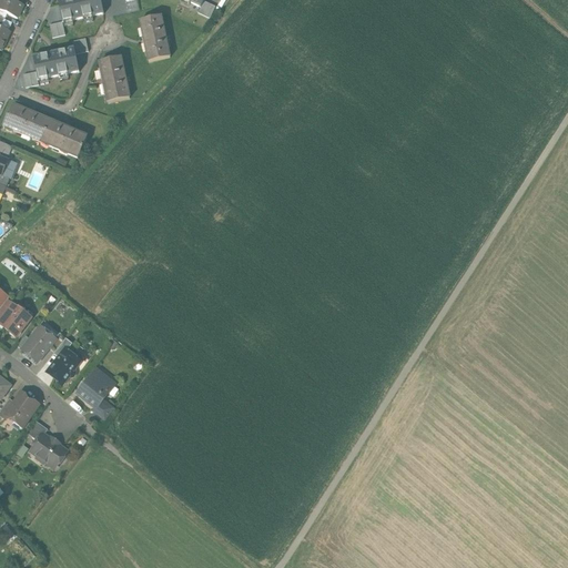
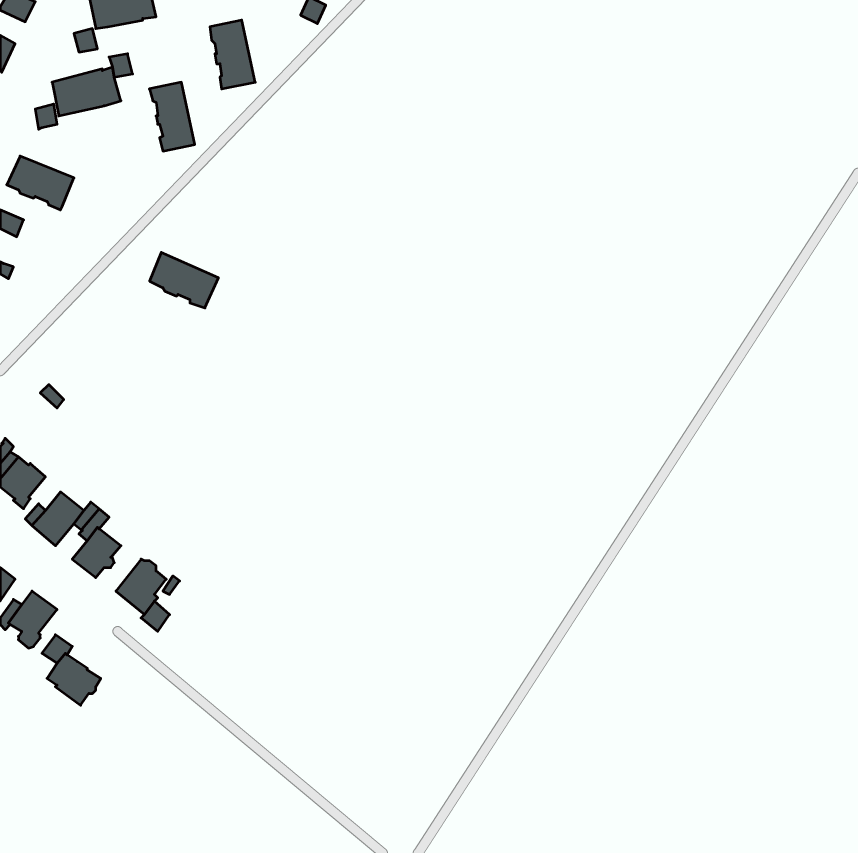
building: [41,118,87,154] -> [150,252,218,308]

